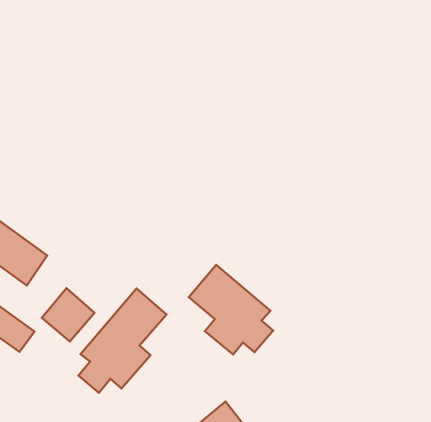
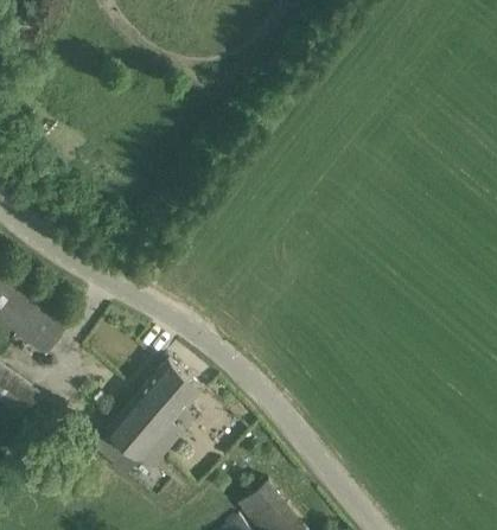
building: [189,265,273,354] -> none
building: [42,288,95,342] -> none

